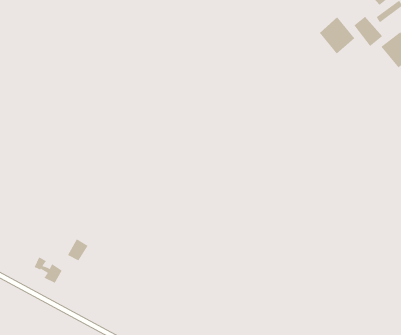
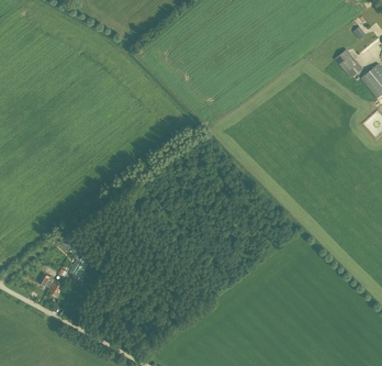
building: [319,16,355,55] -> none

